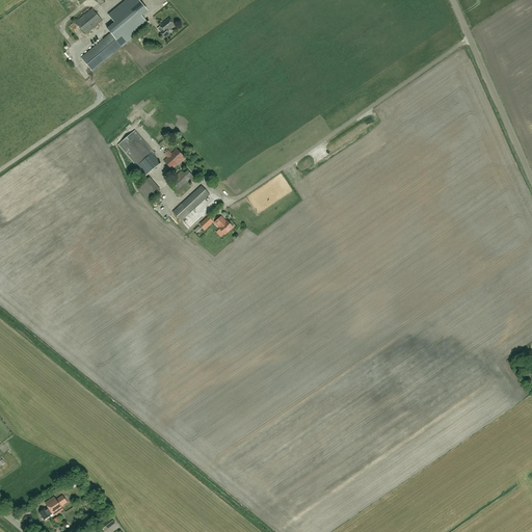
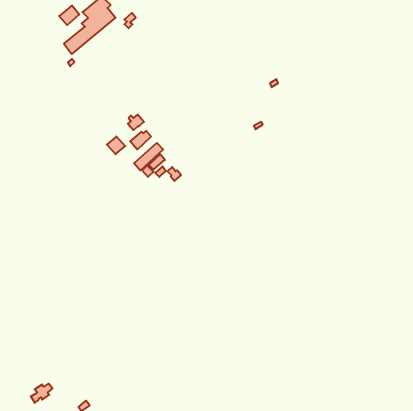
building: [118,129,161,175] -> none

